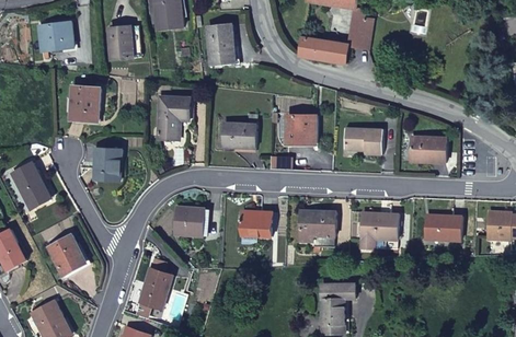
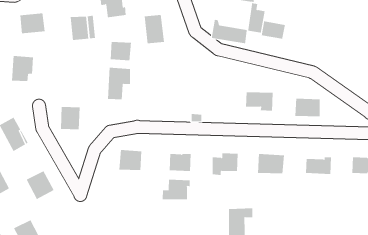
building: none -> [261,21,286,40]
building: none -> [110,41,132,61]
building: [70,85,101,120] -> [11,56,34,82]
building: [222,114,257,148] -> none
building: [286,115,316,143] -> none
building: none -> [162,179,190,200]
building: [140,258,172,309] -> none

